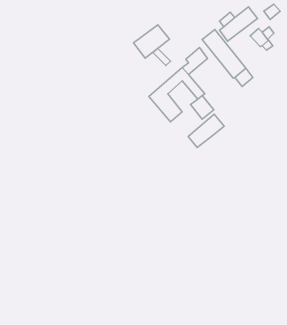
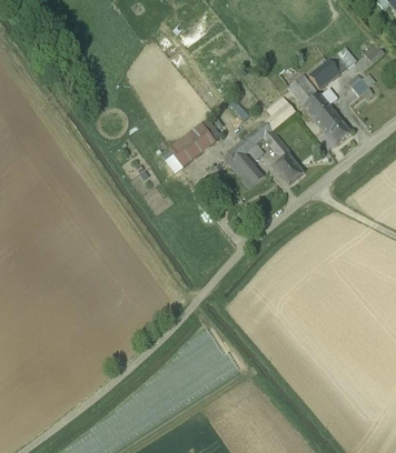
building: [133,25,170,58] -> [175,127,219,168]
building: [188,114,224,147] -> none

